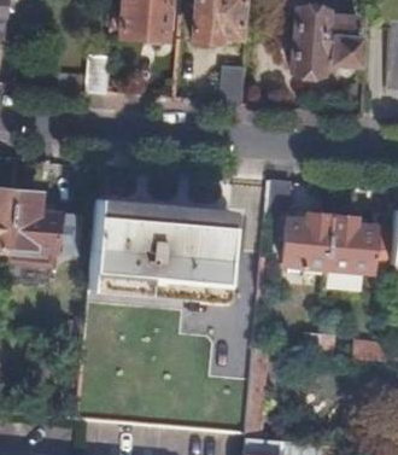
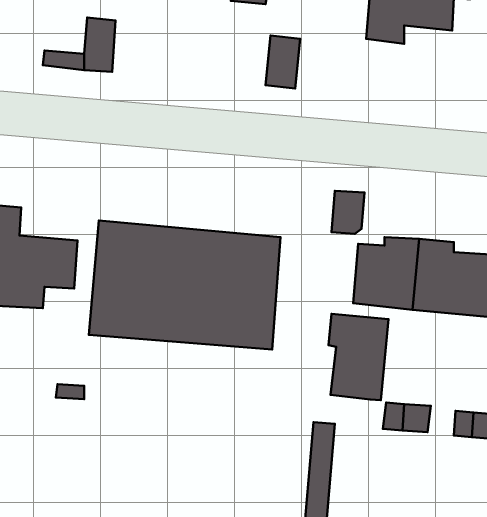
building: none -> [328,314,389,400]

